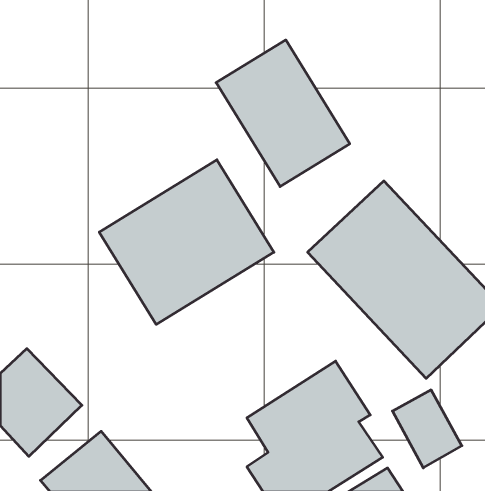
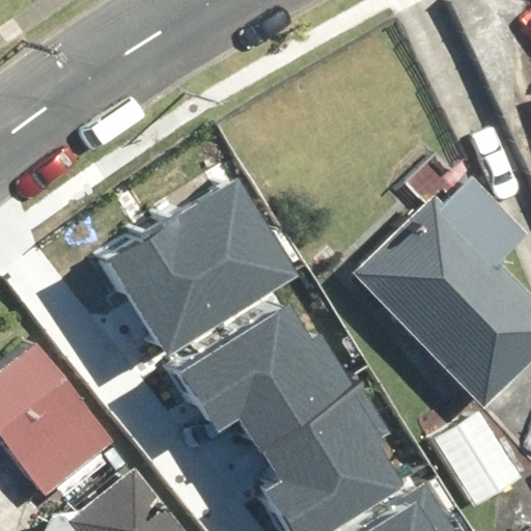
building: [216,40,350,187] -> none
building: none -> [187,302,369,451]

